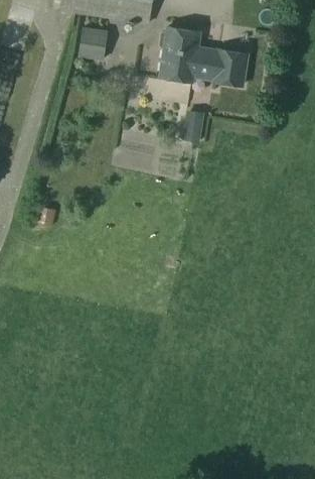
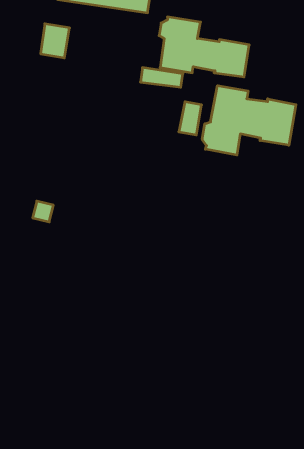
building: [80,26,108,59] -> [41,24,70,58]
building: none -> [202,86,296,155]

